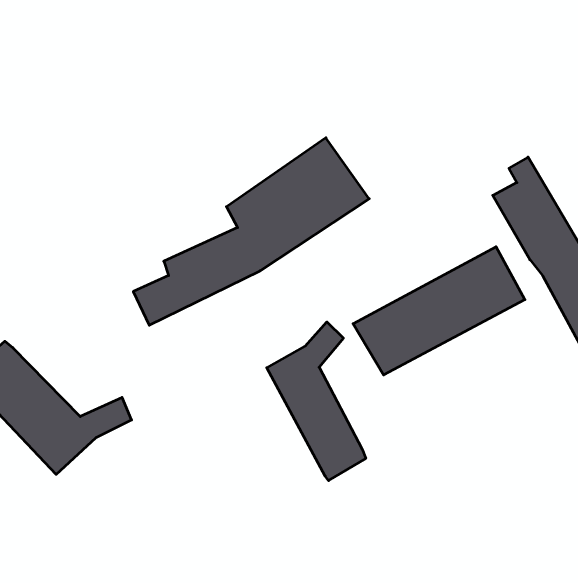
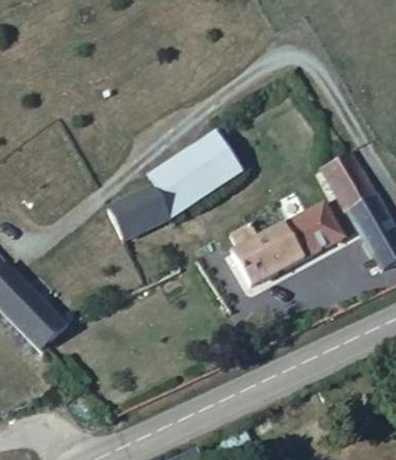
building: [267,322,366,481] -> none

